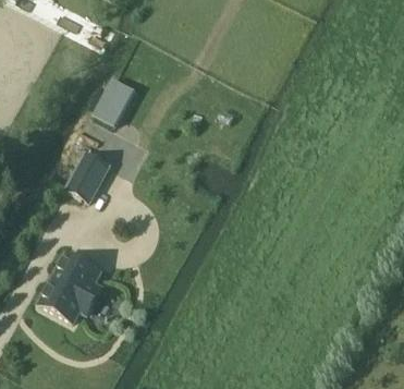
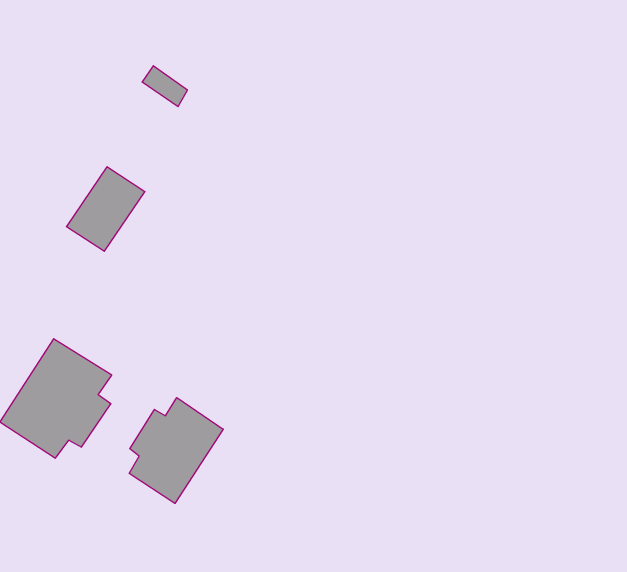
building: none -> [129,398,223,503]

